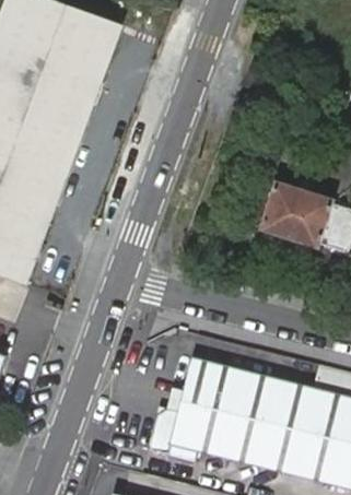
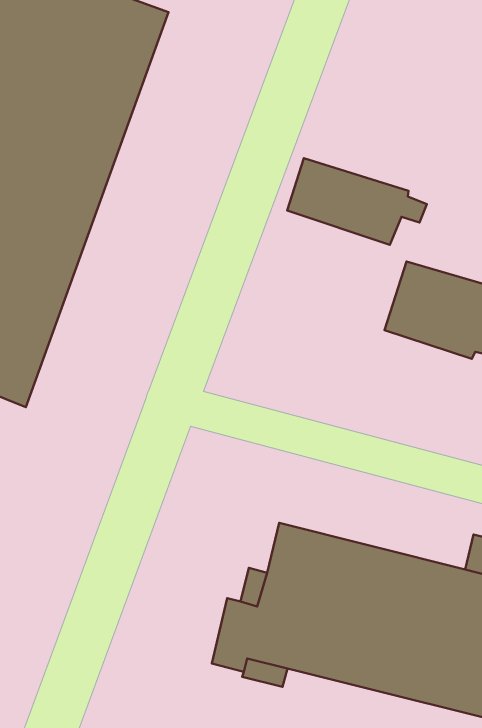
building: none -> [287,158,427,245]

